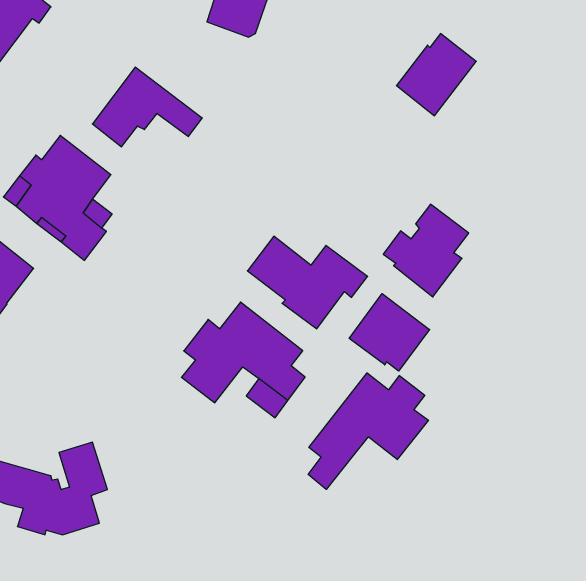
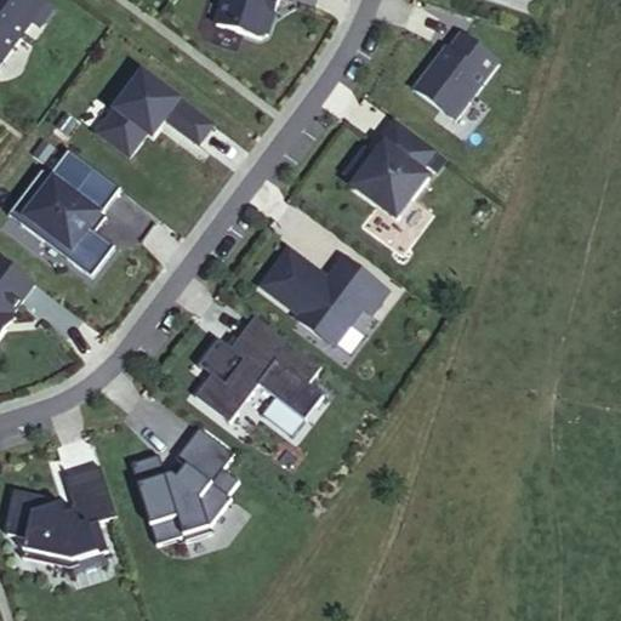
building: [383,204,469,297] -> [346,121,435,218]
building: [349,294,430,371] -> none
building: [308,373,428,489] -> none
building: none -> [126,426,234,541]

